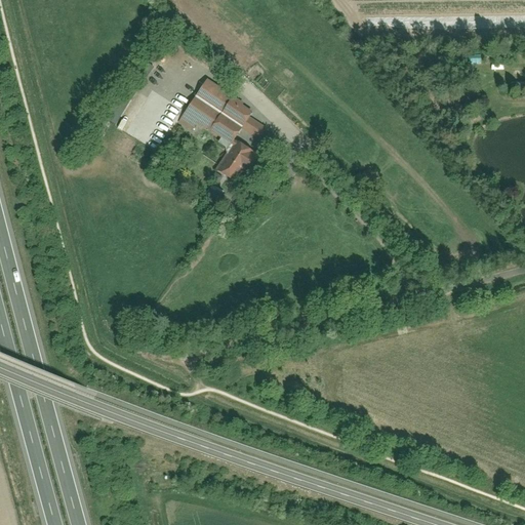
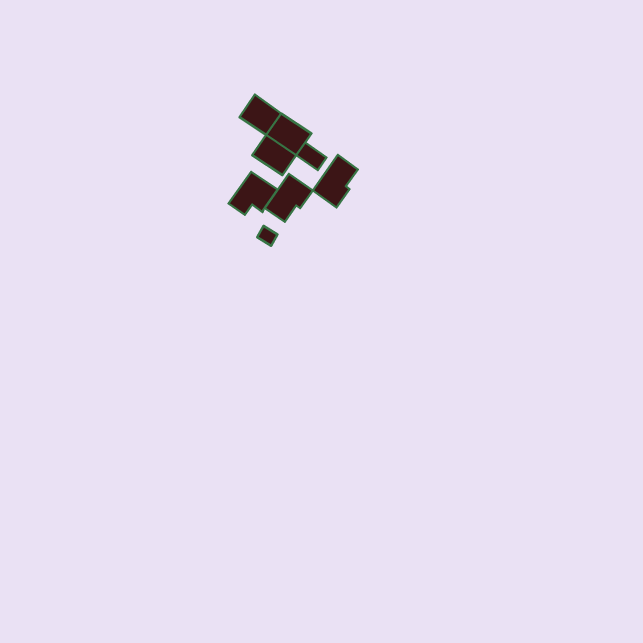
building: [176,95,216,130] -> [228,172,278,215]
building: none -> [313,155,358,208]

